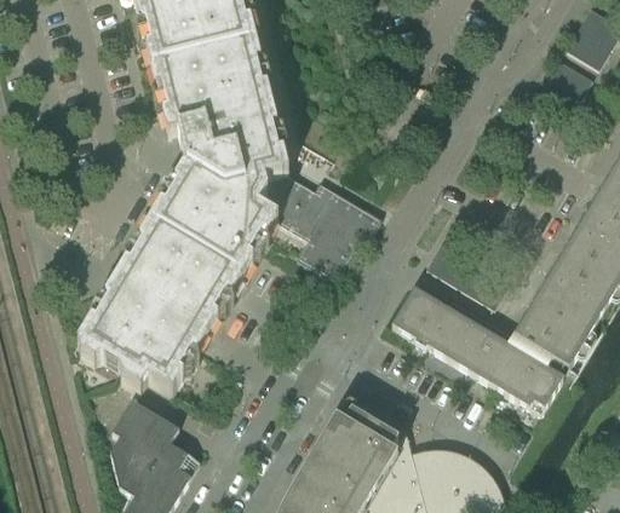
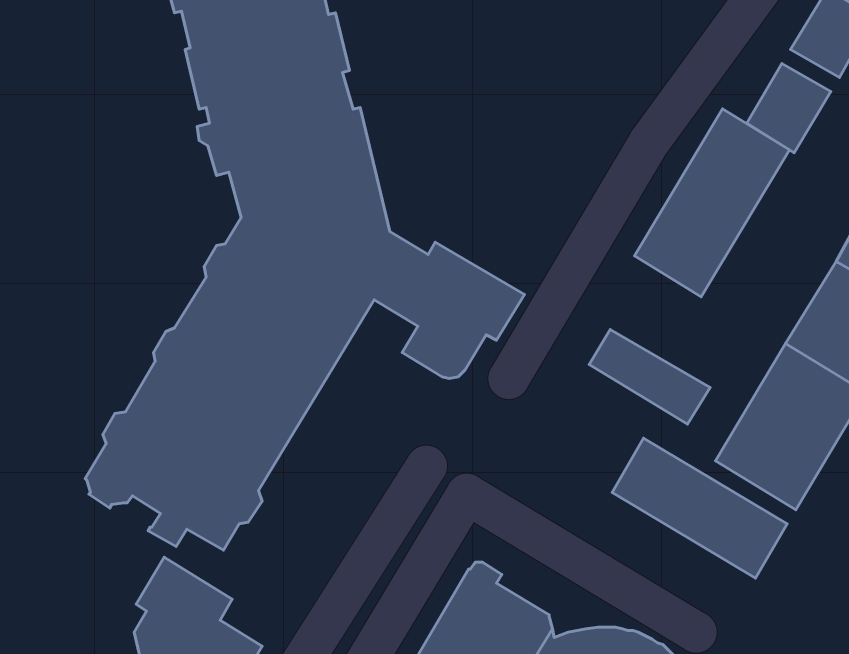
building: none -> [634,109,789,297]
building: [390,286,463,353] -> none

